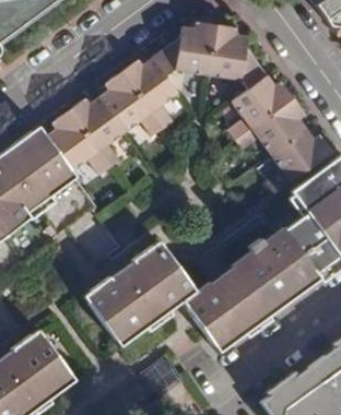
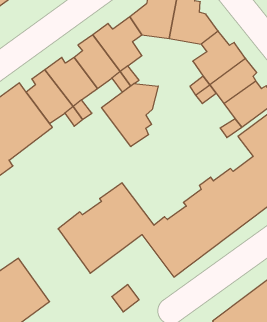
building: none -> [102,83,158,147]

